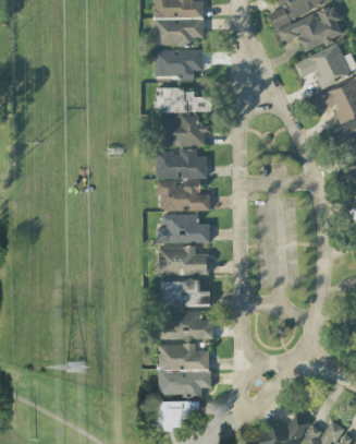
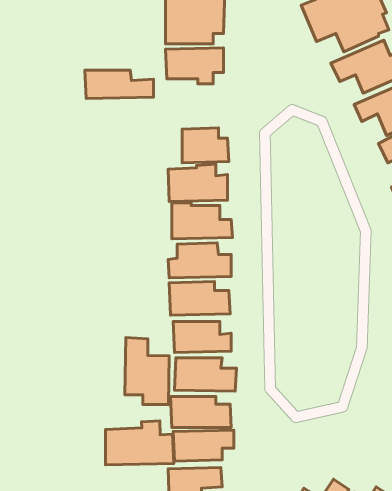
building: [155,88,212,112] -> [85,70,153,99]
building: none -> [125,337,169,405]
building: none -> [105,421,174,465]

